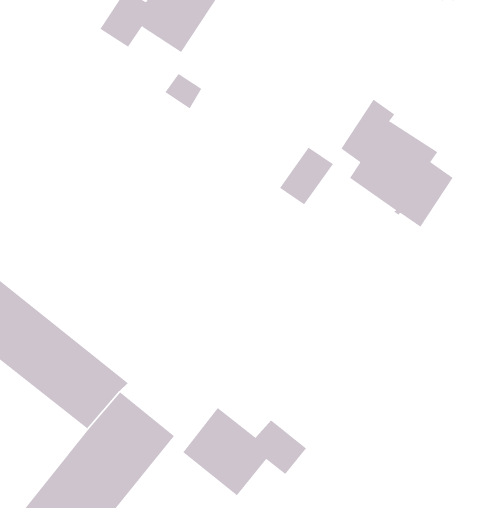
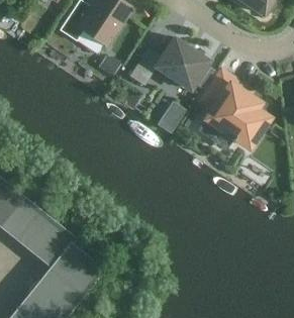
building: none -> [129,37,210,90]
building: [183,407,307,496] -> none

